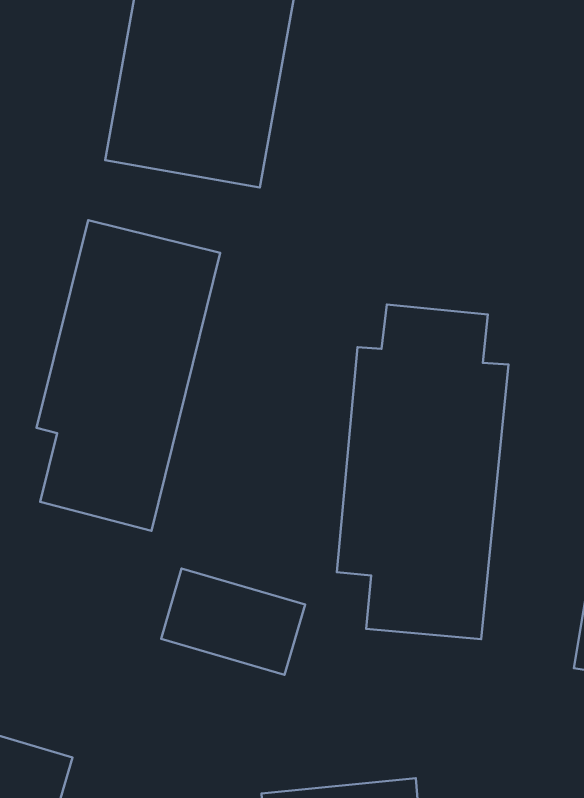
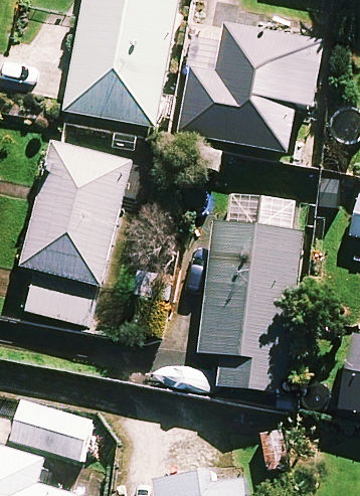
building: none -> [179,25,322,151]
building: [161,568,305,675] -> [7,396,92,459]

